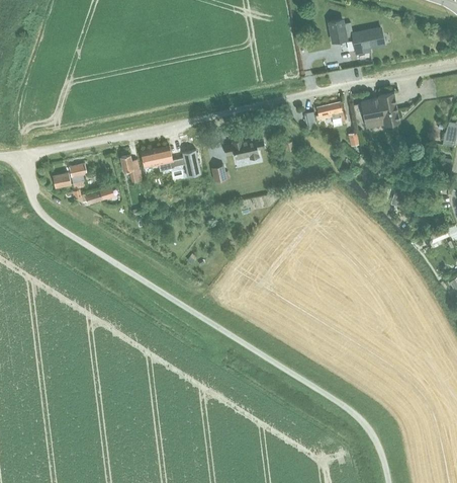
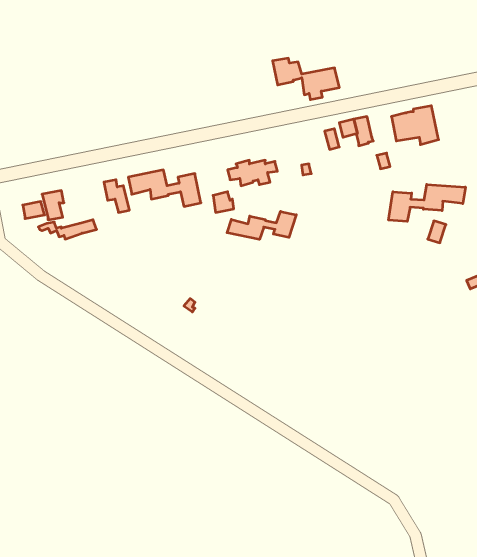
building: [328,19,383,54] -> [273,58,339,100]
building: none -> [389,184,465,221]
building: none -> [227,211,296,239]

